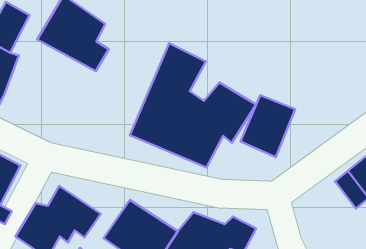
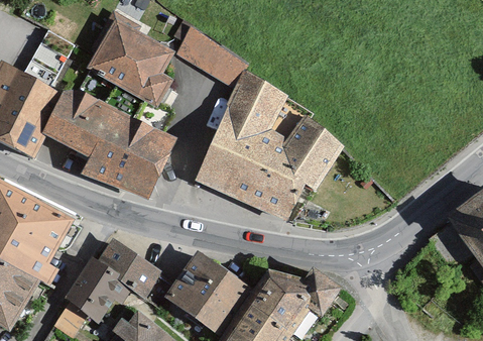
building: none -> [177,29,241,80]
building: none -> [49,86,180,196]
building: [240,95,295,157] -> none

